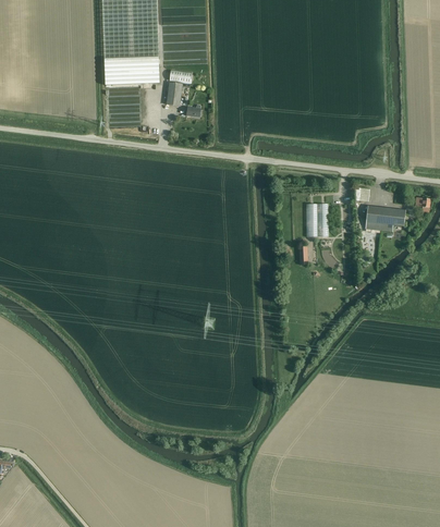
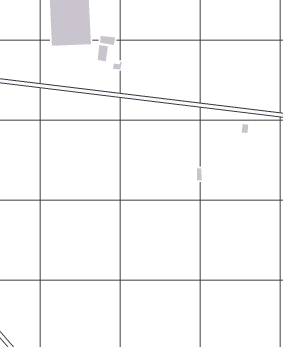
building: [306,203,329,235] -> none
building: [366,204,406,231] -> none

